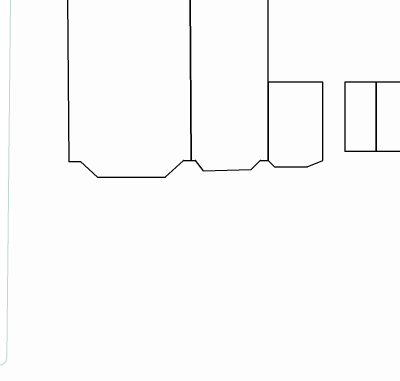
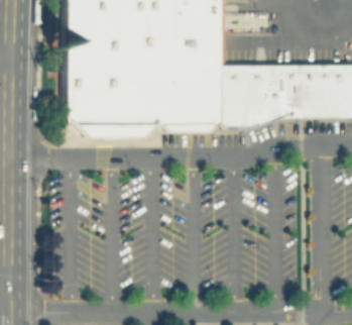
building: none -> [259,65,276,125]

